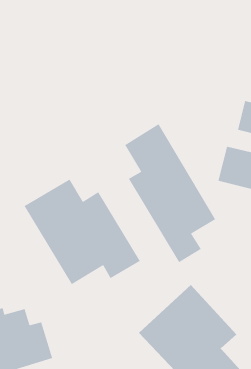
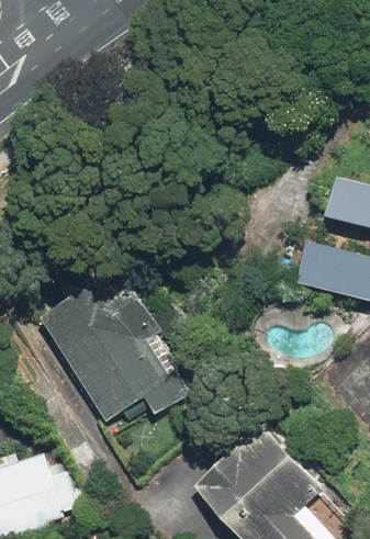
building: [124,123,216,263] -> none

